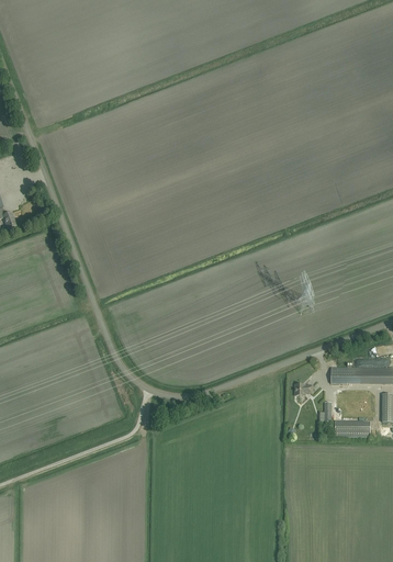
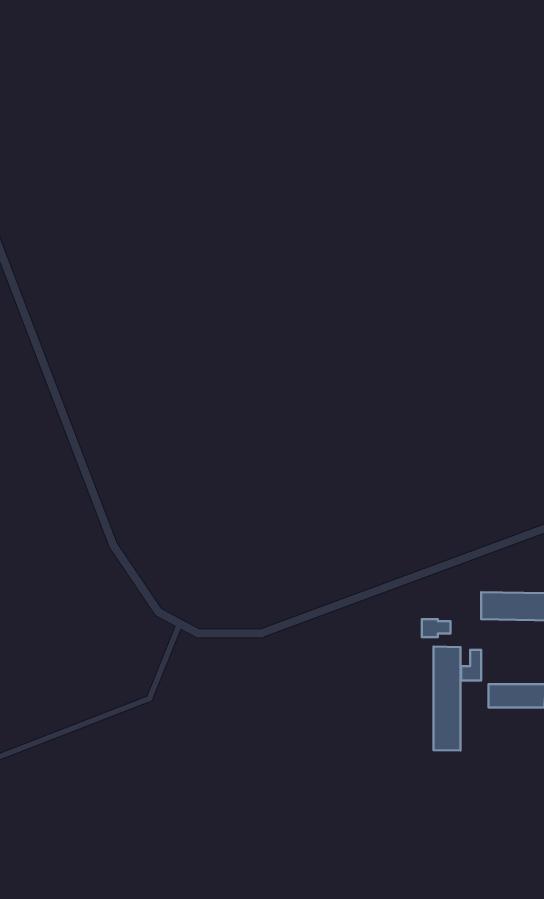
building: none -> [433,647,461,751]

